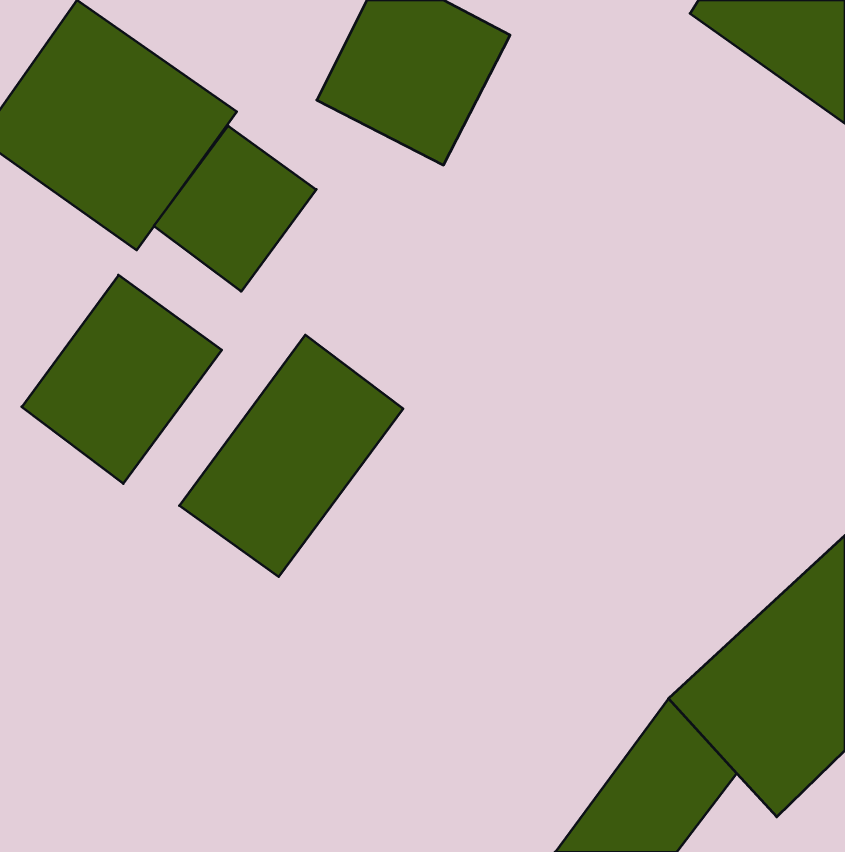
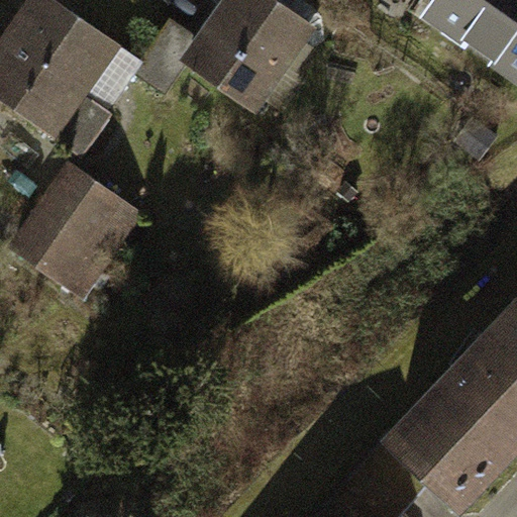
building: [154,126,316,291] -> none
building: [179,335,403,577] -> none

